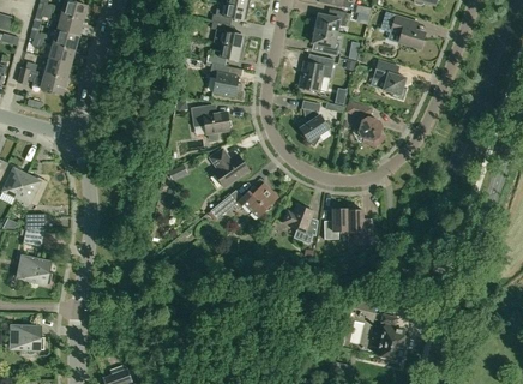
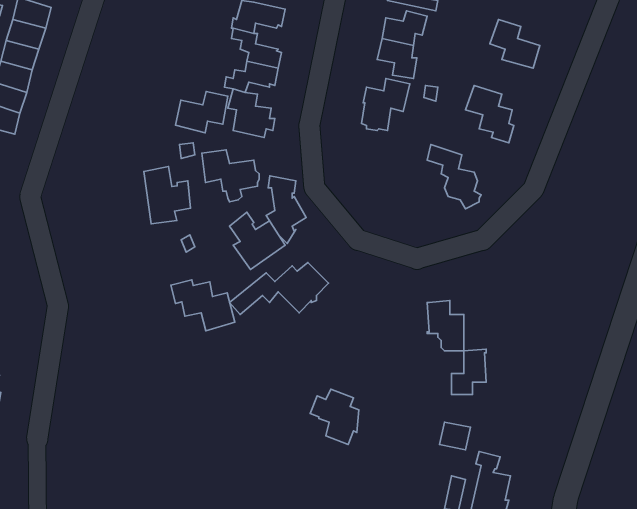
building: none -> [175,91,228,133]
building: [300,100,327,146] -> [266,176,306,243]
building: none -> [144,167,191,224]
building: none -> [171,280,235,331]
building: [283,205,317,244] -> [310,389,359,445]
building: [324,208,348,239] -> [452,349,486,394]

